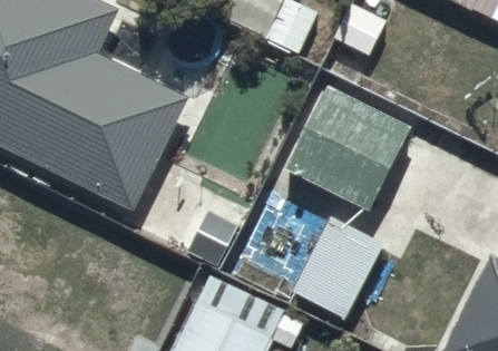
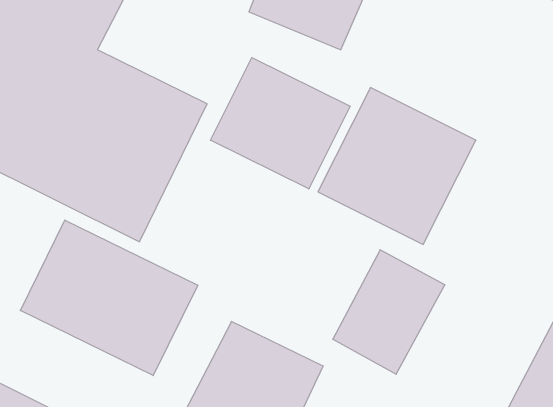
building: none -> [210,58,350,189]
building: none -> [20,220,198,376]

